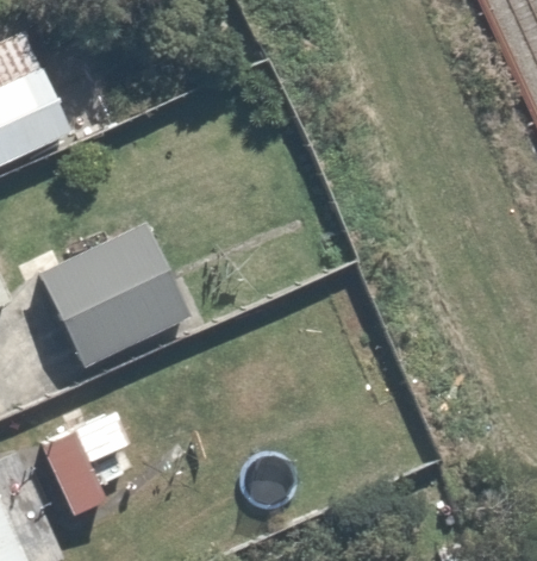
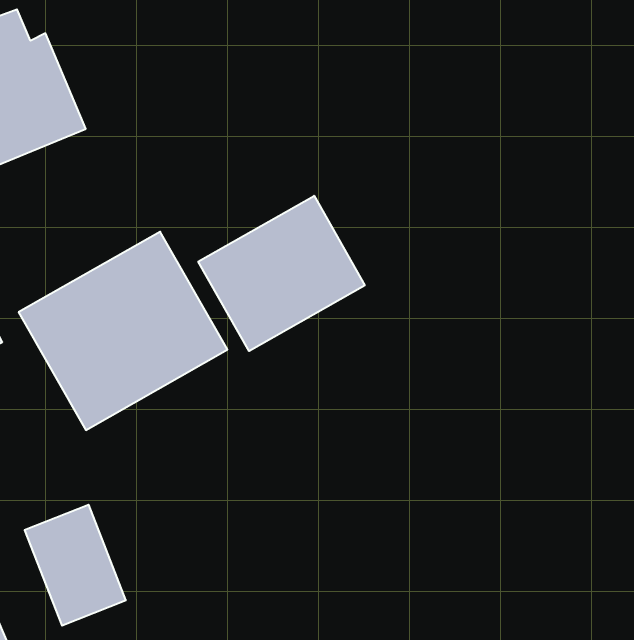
building: none -> [198,196,365,351]

